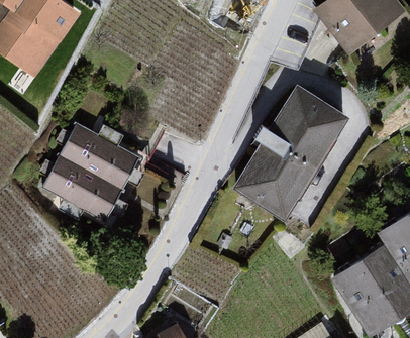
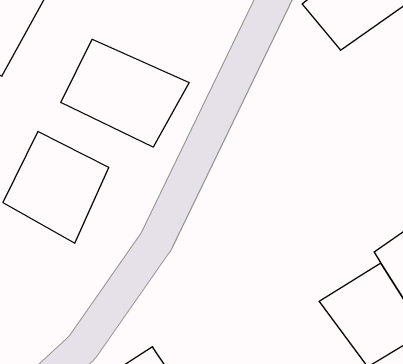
building: none -> [61,39,189,147]
building: [234,90,348,224] -> none

